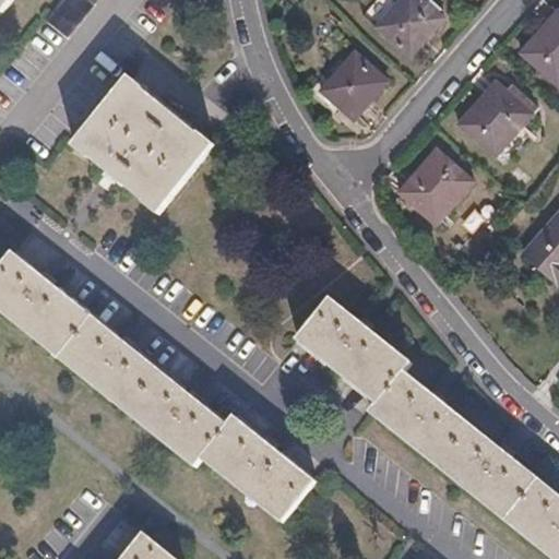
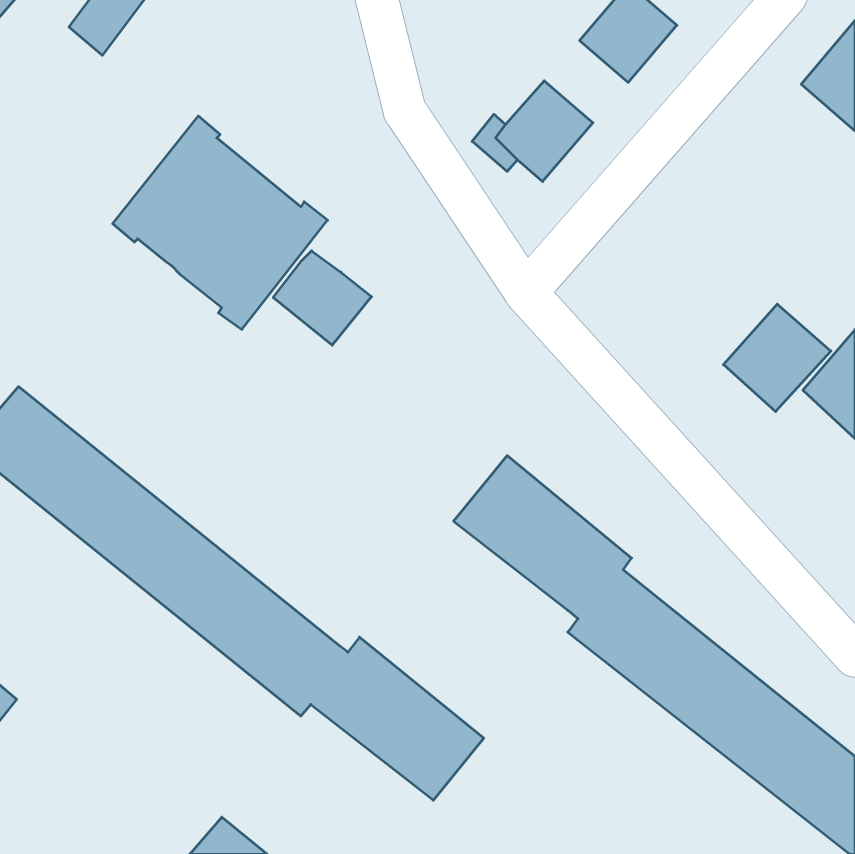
building: [459,85,530,156] -> none
building: [401,153,471,223] -> [723,304,831,412]
building: none -> [273,251,372,345]

